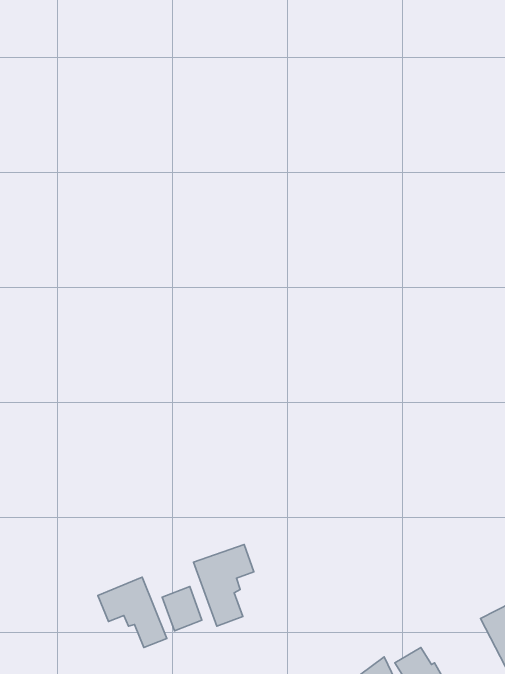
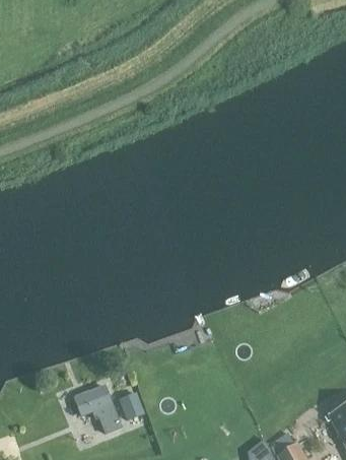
building: [193,544,254,626] -> none

